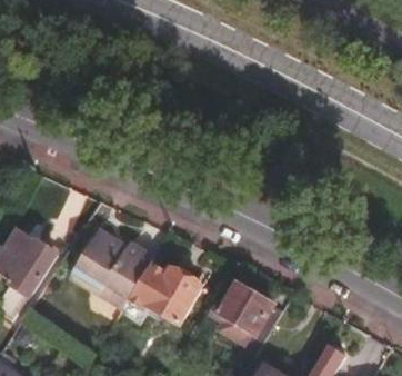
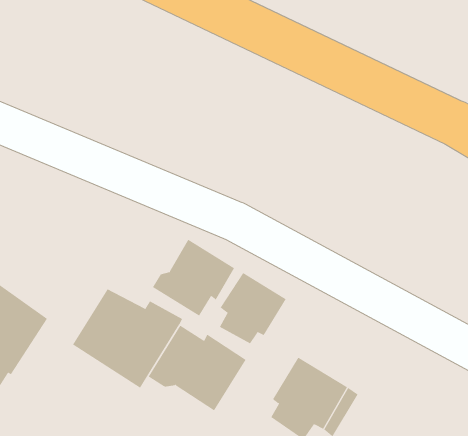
building: none -> [152,239,235,317]
building: none -> [219,272,287,344]

